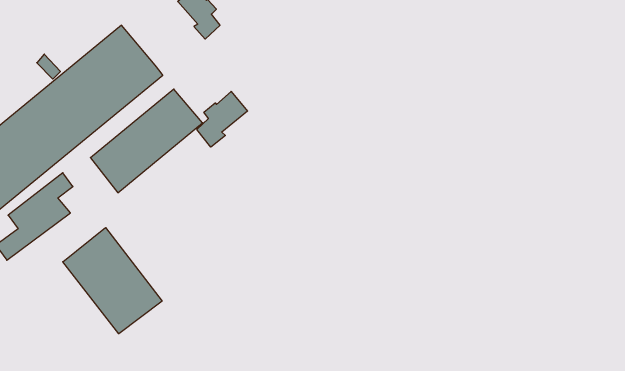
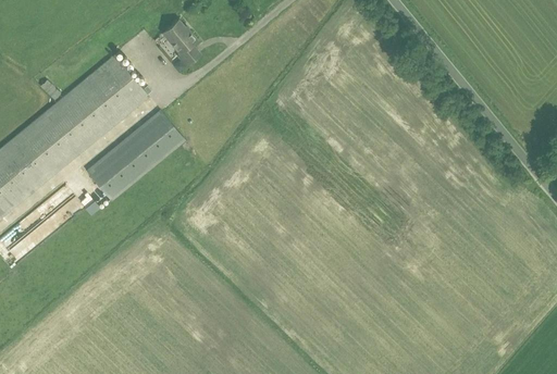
building: [197,91,248,147] -> none
building: [63,228,162,334] -> none

